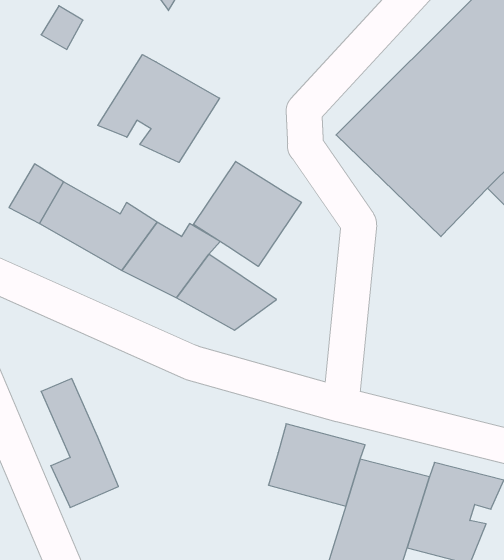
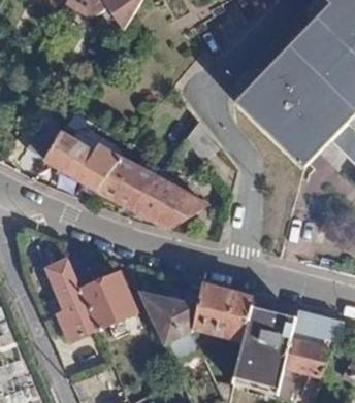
building: [98,55,220,162] -> none
building: [194,161,301,266] -> none
building: none -> [83,280,130,327]
building: none -> [138,294,199,352]

